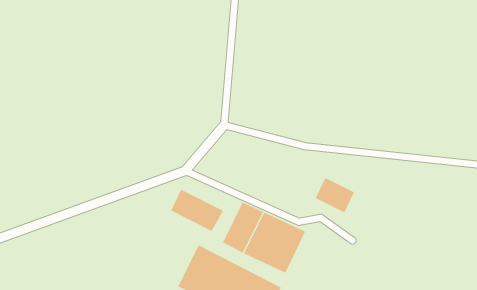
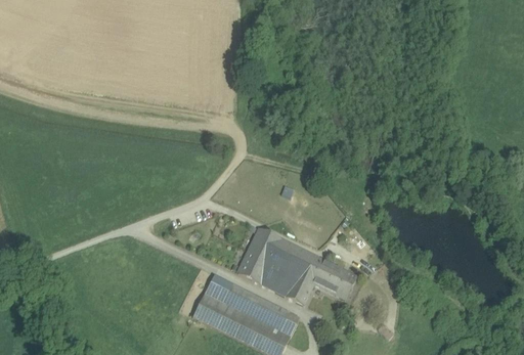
building: [315,177,355,213] -> [313,261,354,298]
building: [170,189,224,232] -> none

